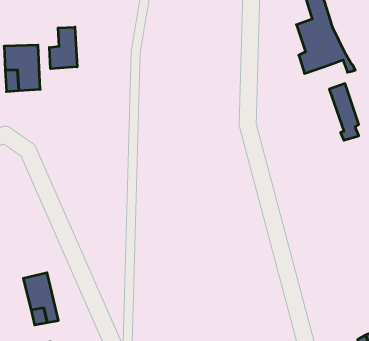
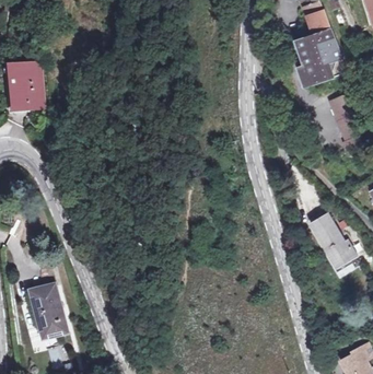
building: [49,27,77,69] -> none
building: none -> [307,211,353,265]

